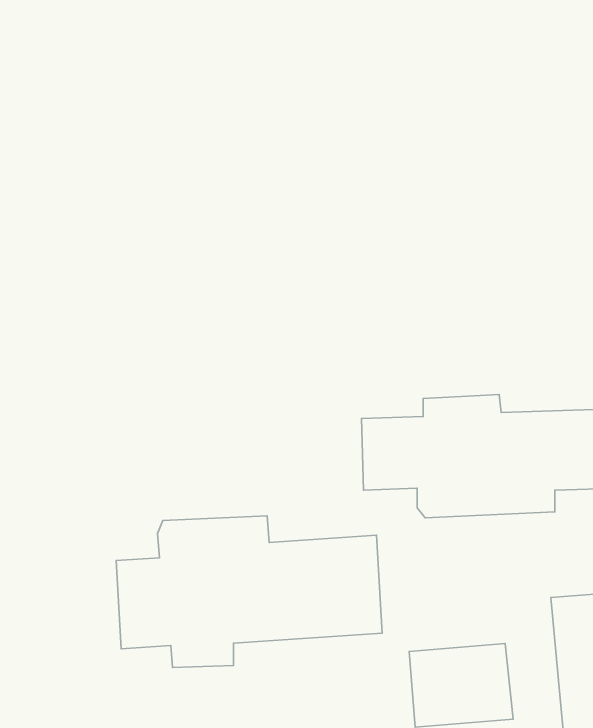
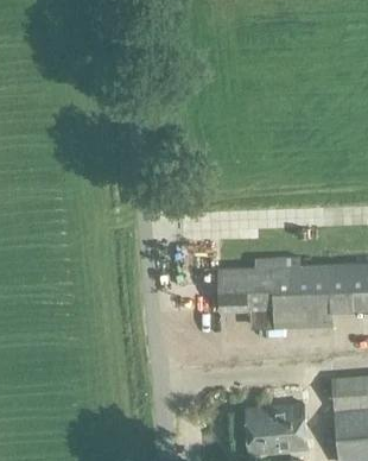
building: [116,516,382,668] -> none

